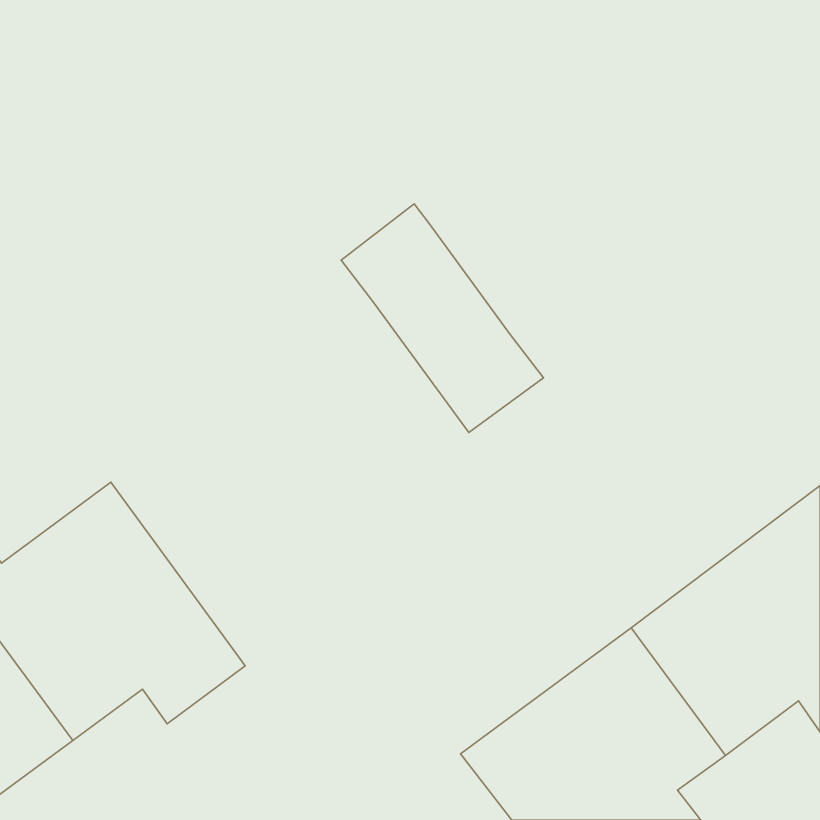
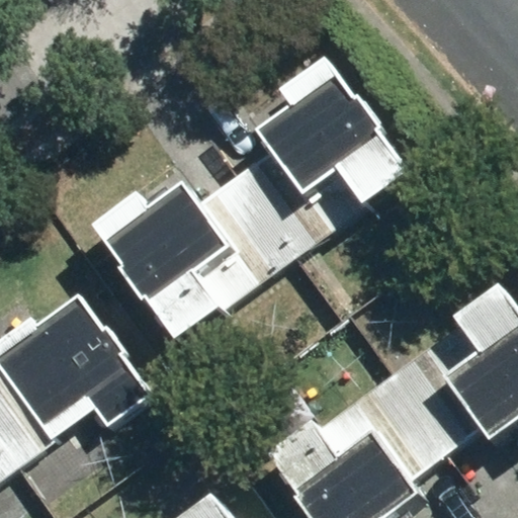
building: none -> [262,64,420,214]
building: none -> [103,184,286,346]

